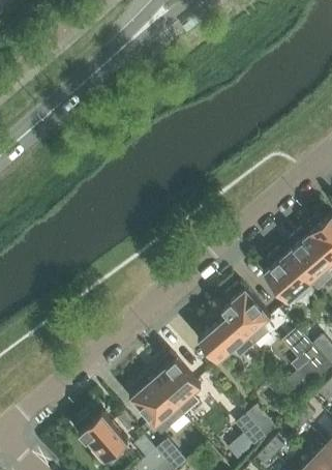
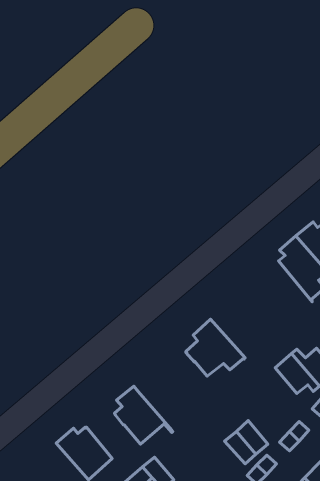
building: [263,247,319,303] -> none
building: [221,284,271,346] -> none
building: [152,353,201,415] -> none

